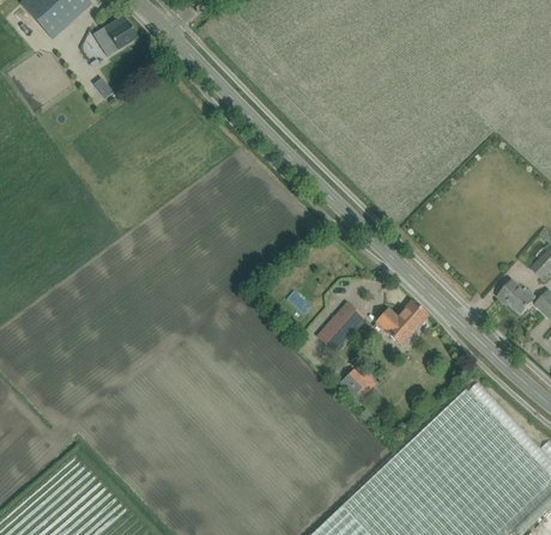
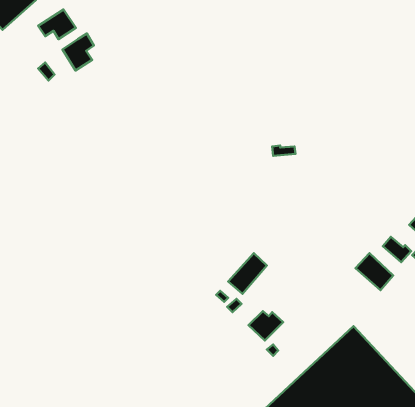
building: none -> [62,34,94,70]
building: [381,302,428,346] -> none
building: none -> [356,253,393,290]

